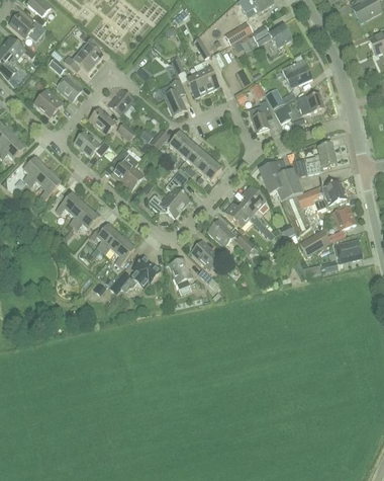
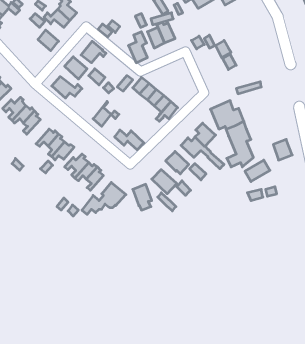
building: [282,58,312,83] -> none
building: [34,90,61,117] -> none
building: [296,92,323,113] -> none
building: [249,99,271,131] -> none
building: [296,144,337,175] -> none
building: [112,148,138,180] -> none
building: [166,170,190,209] -> none
building: [302,179,347,209] -> none
building: [334,239,362,262] -> none

